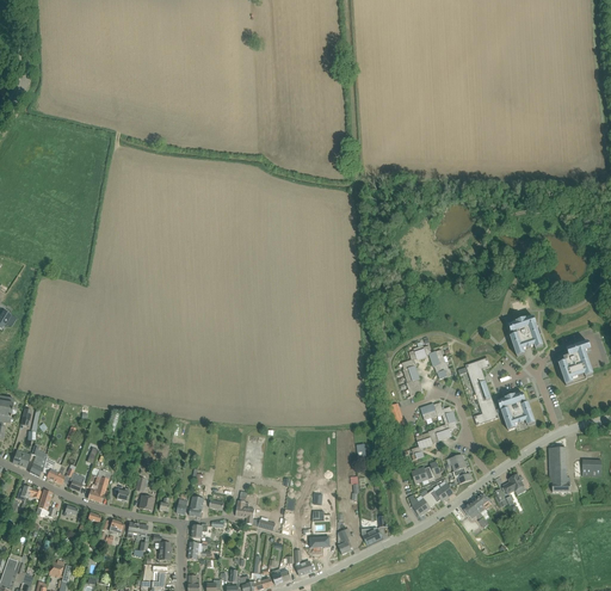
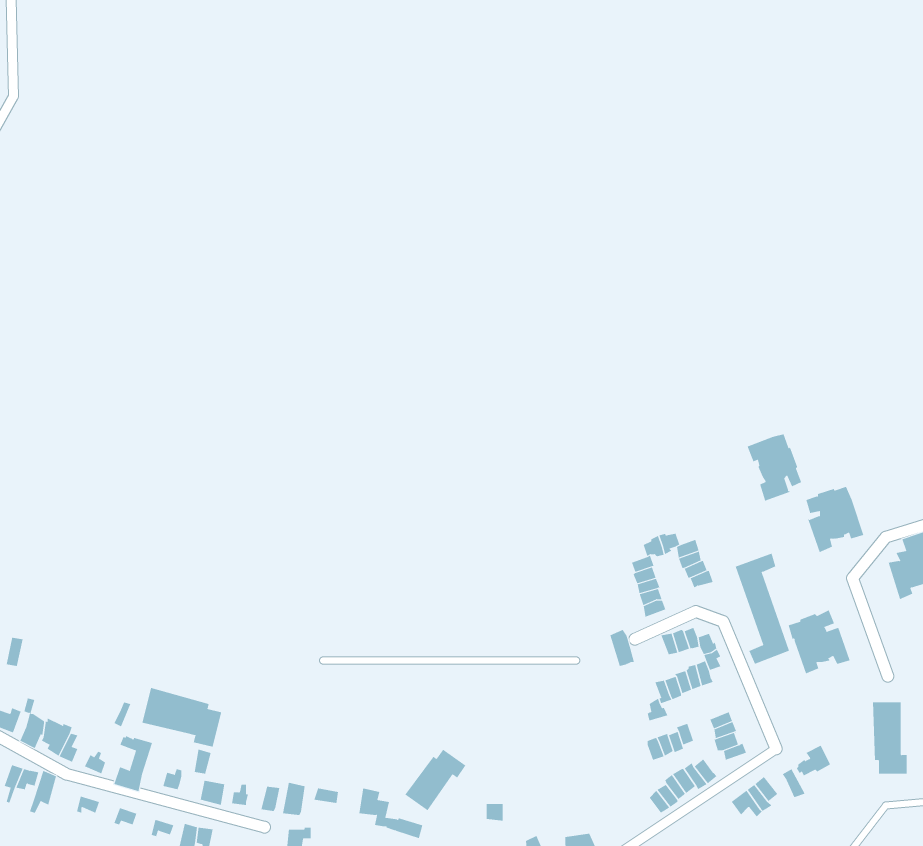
building: none -> [747,434,802,501]
building: none -> [142,687,222,748]
building: none -> [404,749,466,811]

